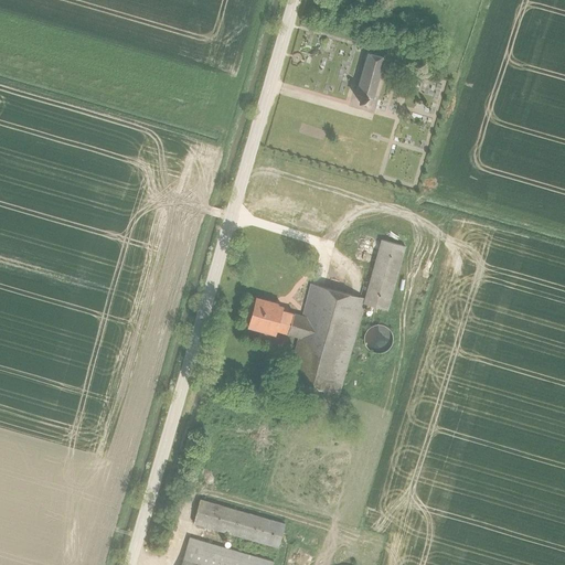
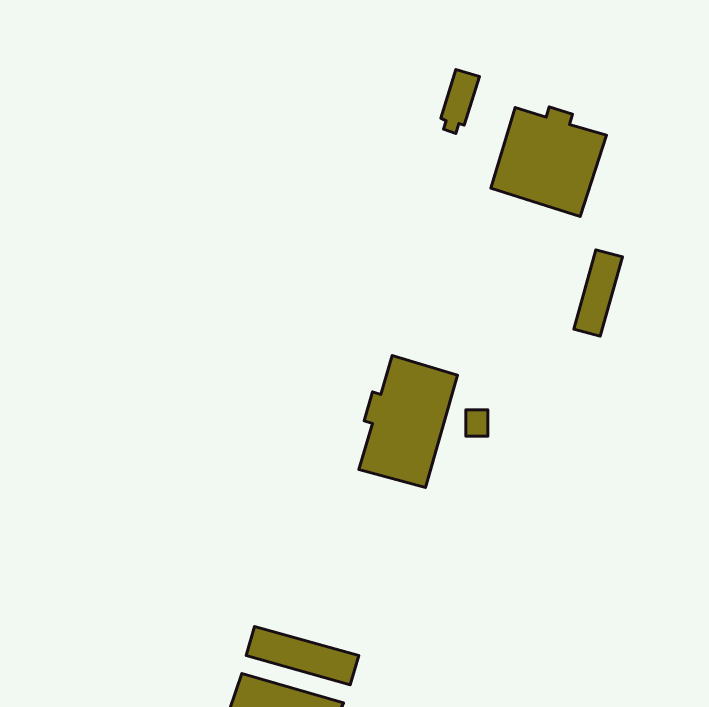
building: none -> [491,107,607,216]
building: [365,242,404,310] -> [574,250,622,336]
building: [249,298,296,337] -> none

